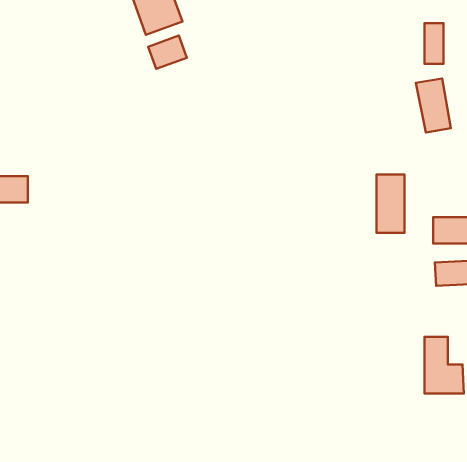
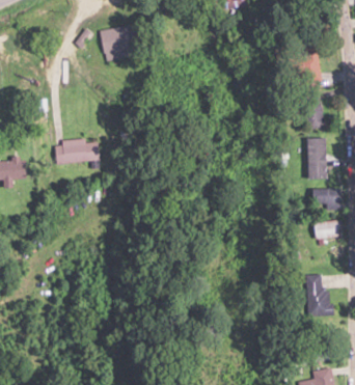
building: [148,36,187,69] -> none
building: none -> [55,139,97,164]
building: [377,175,404,233] -> [306,138,326,180]

